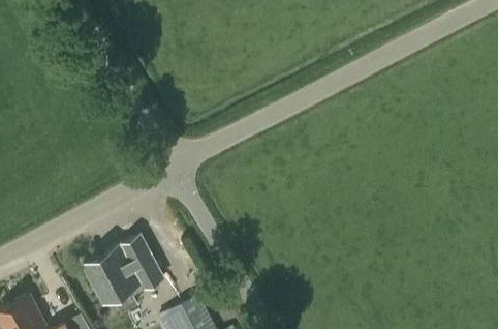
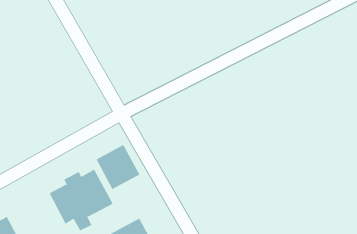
building: none -> [96,144,140,190]

